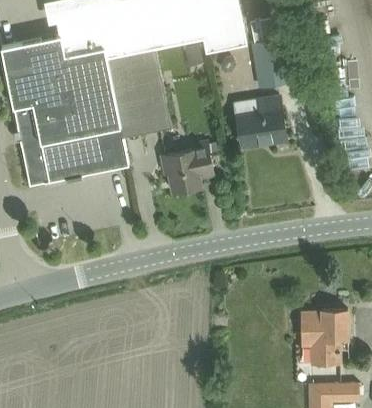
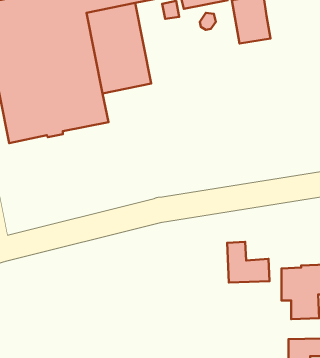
building: [234,94,286,146] -> none
building: [161,142,214,192] -> none
building: none -> [227,242,269,283]

